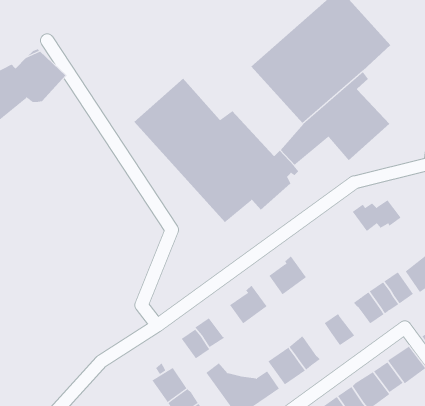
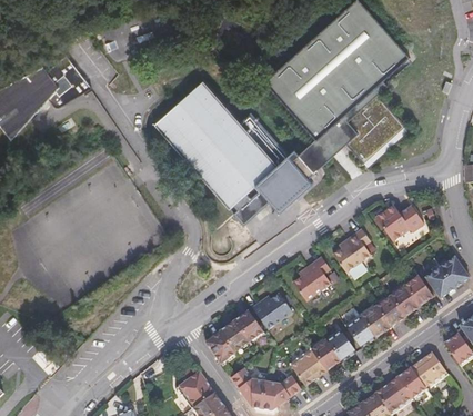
building: none -> [332,231,369,271]
building: none -> [360,307,391,339]
building: none -> [232,310,262,341]
building: none -> [326,331,356,363]

